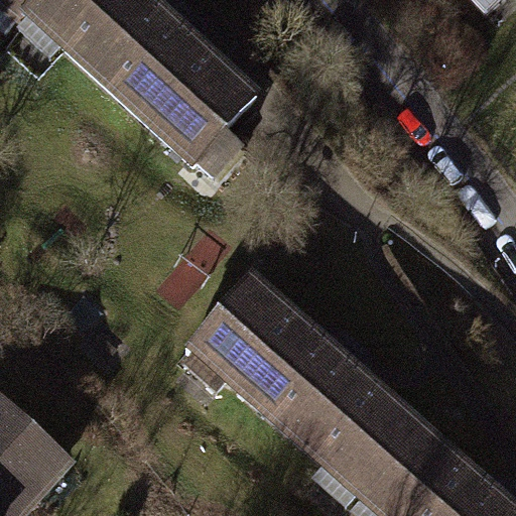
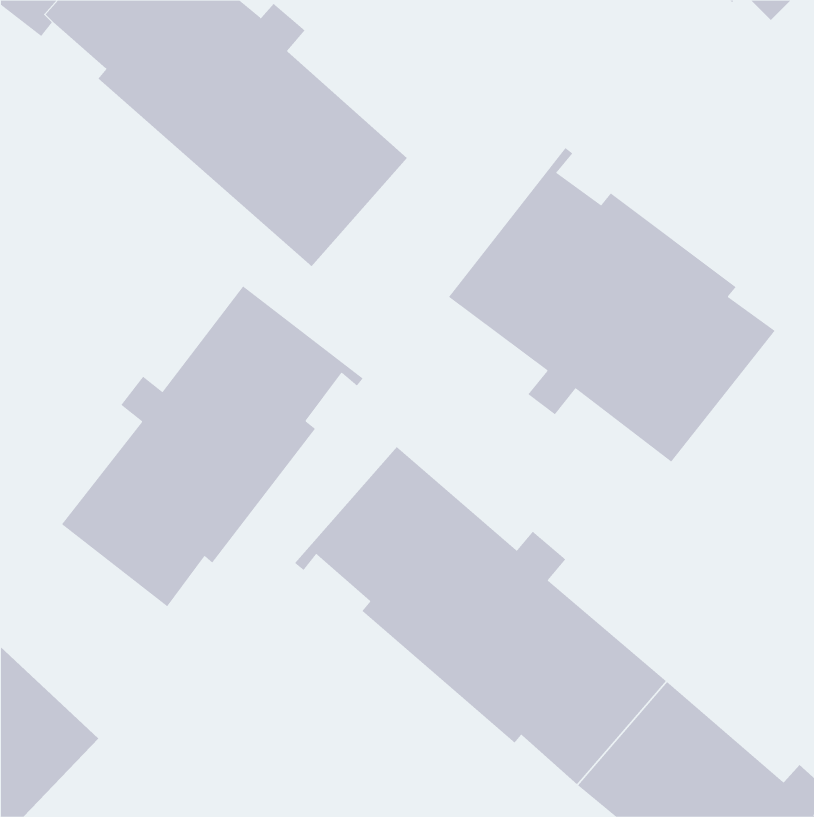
building: none -> [448,147,776,462]
building: none -> [61,286,364,607]

